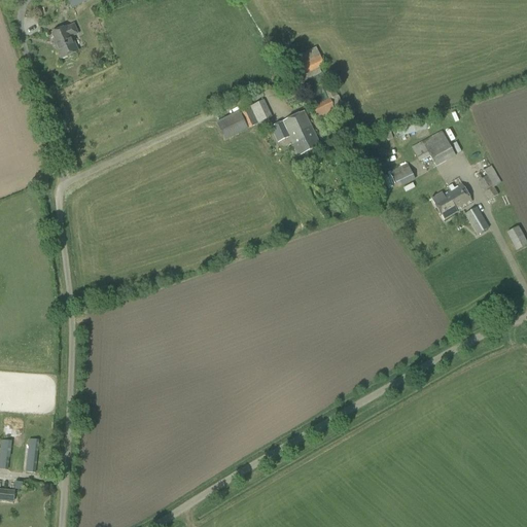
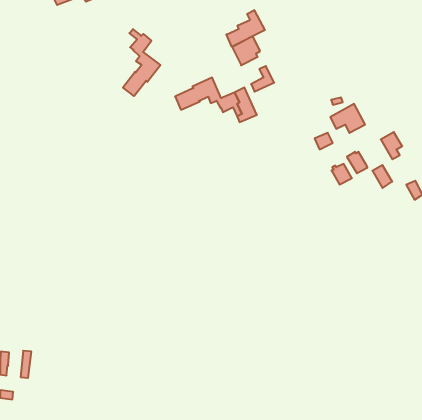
building: none -> [226,10,265,47]
building: [51,23,77,57] -> none
building: none -> [123,29,160,96]
building: [447,181,472,207] -> [331,164,352,185]

